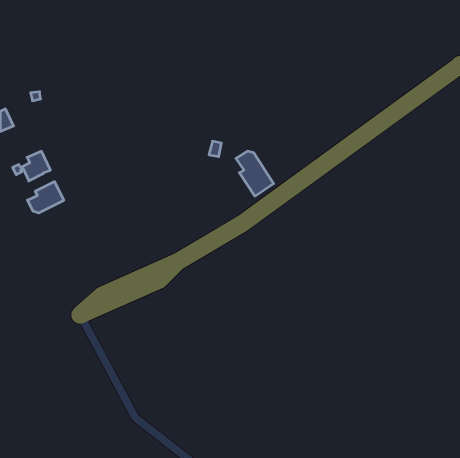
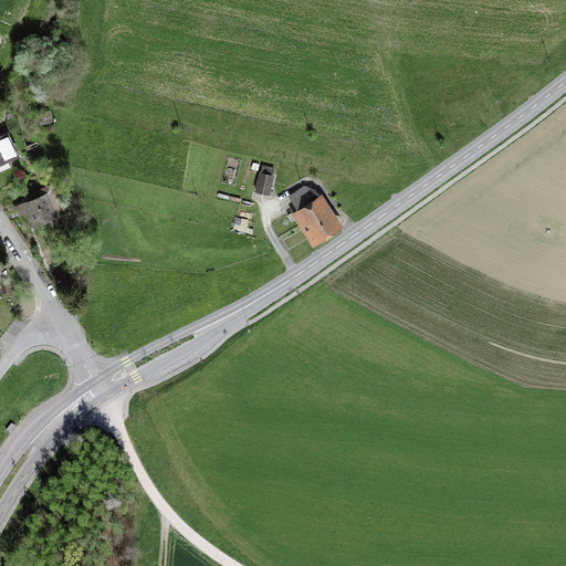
building: [27,182,64,213] -> none

